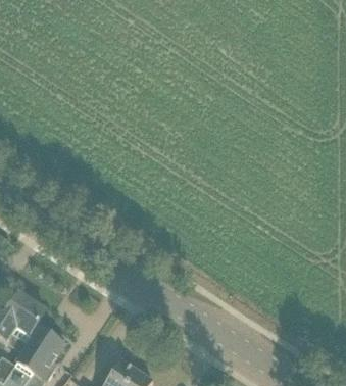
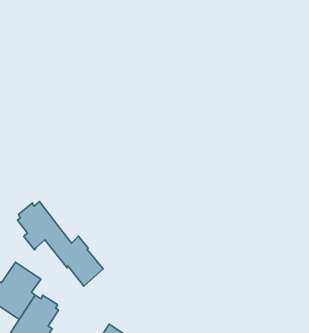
building: none -> [18,201,103,286]

